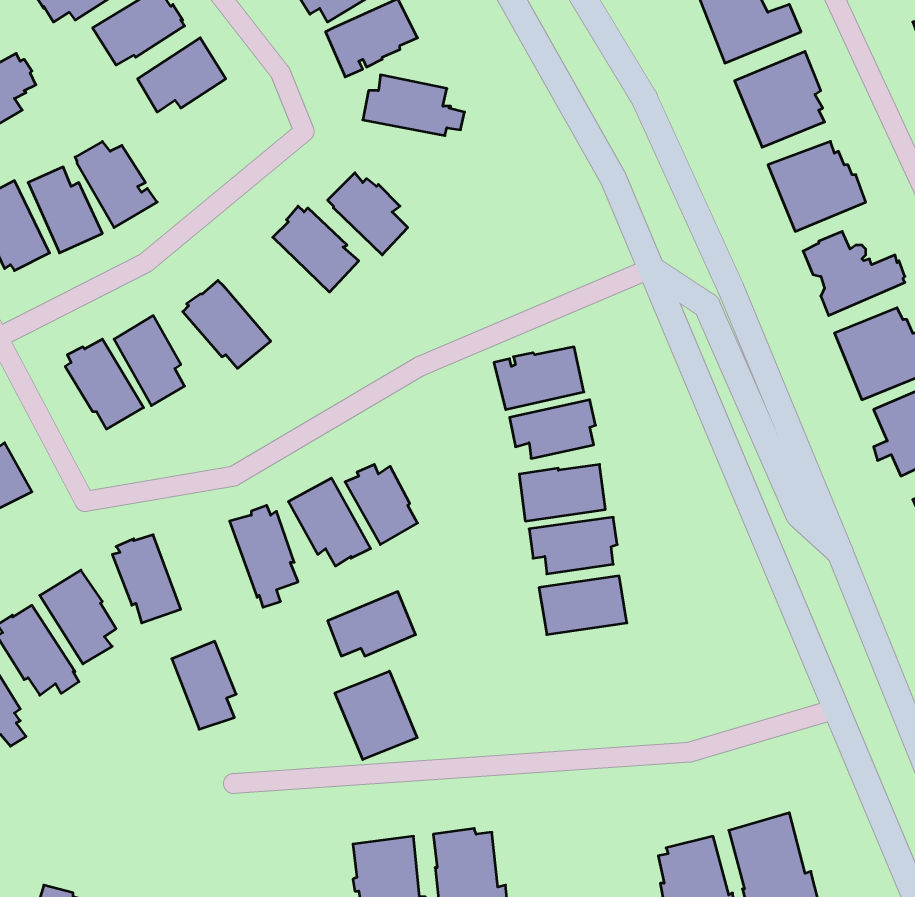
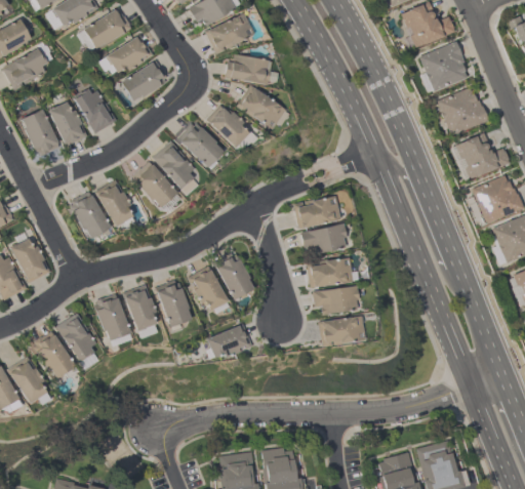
building: none -> [120,60,167,101]
building: none -> [236,85,288,130]
building: none -> [152,140,195,189]
building: [172,641,236,729] -> [122,284,156,330]
building: [335,671,417,760] -> none

